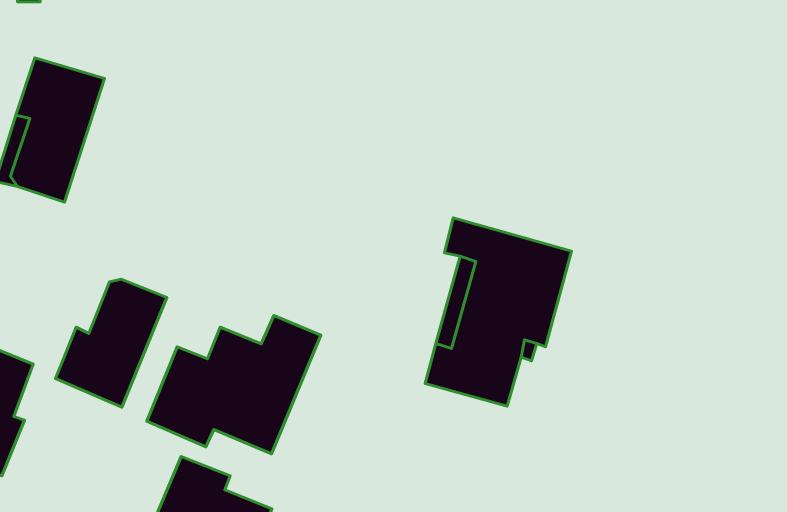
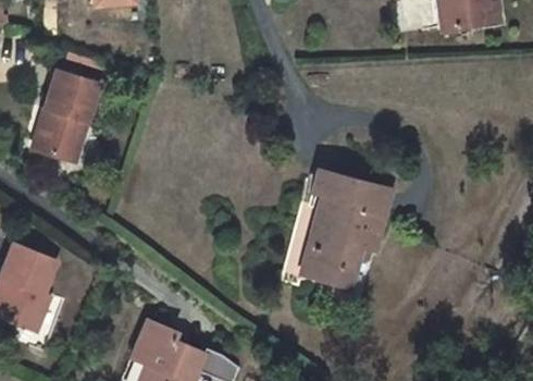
building: [56,279,167,407] -> none
building: [147,315,321,454] -> none

